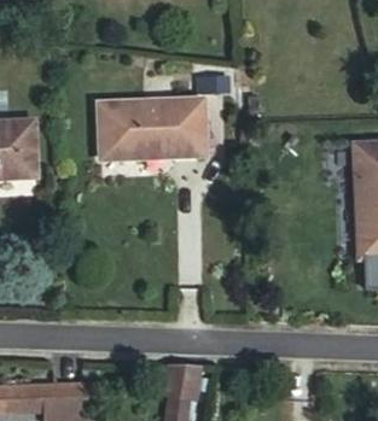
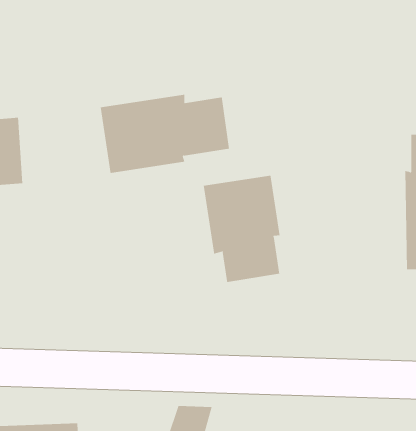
building: none -> [203,175,280,283]

